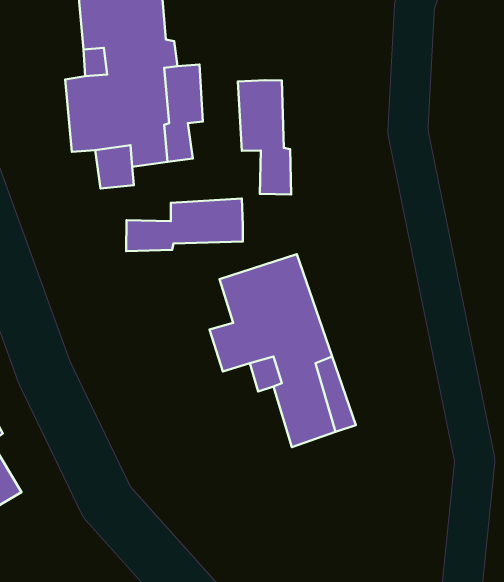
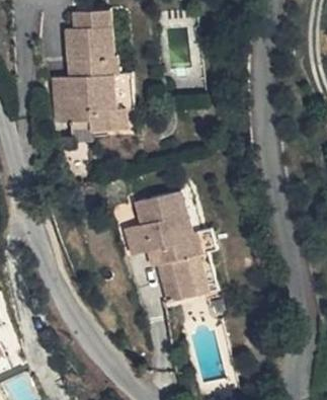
building: [238,80,291,194] -> none
building: [126,199,243,251] -> none

